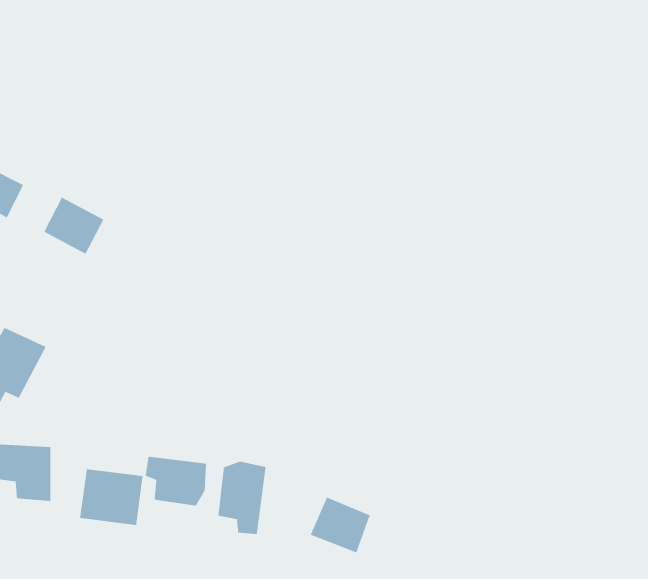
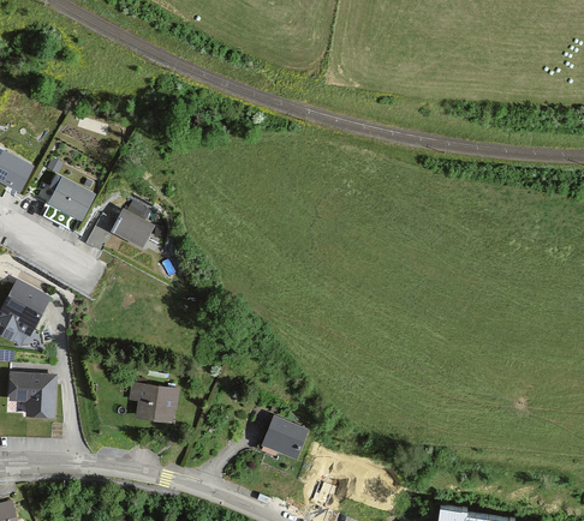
building: none -> [85,210,156,253]
building: [218,461,266,535] -> none
building: [79,468,143,526] -> none

